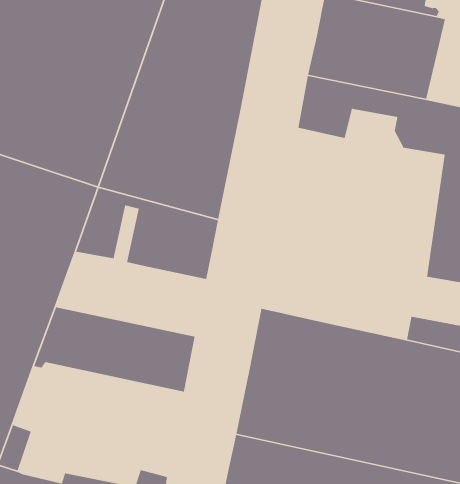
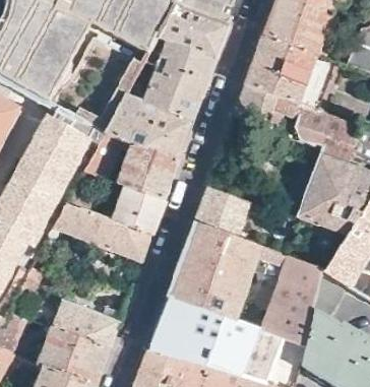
building: none -> [195,184,249,238]
building: none -> [115,185,165,233]

